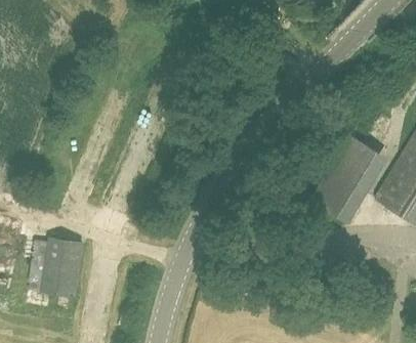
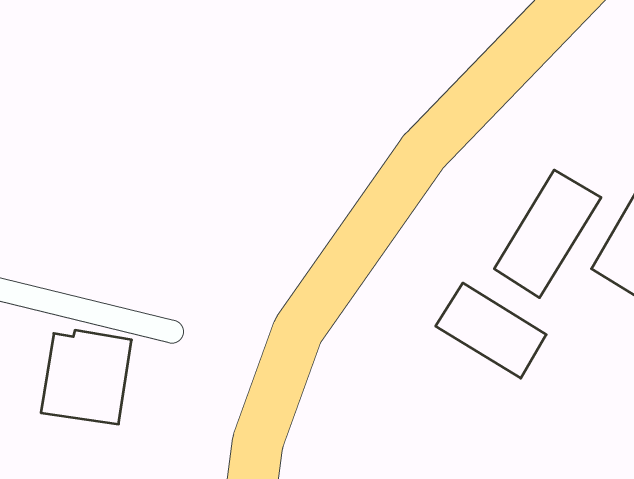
building: none -> [436,283,546,378]

